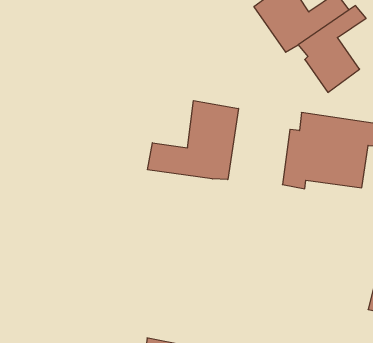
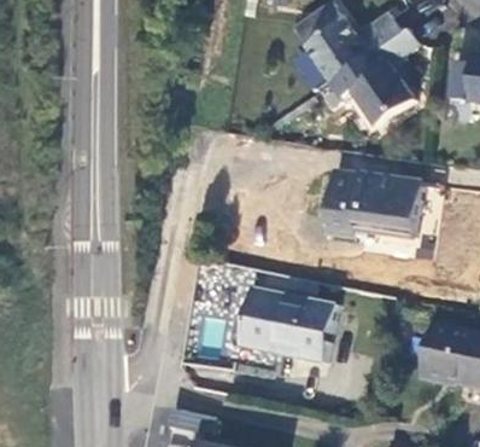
building: [148,101,238,180] -> none
building: none -> [239,289,339,366]

